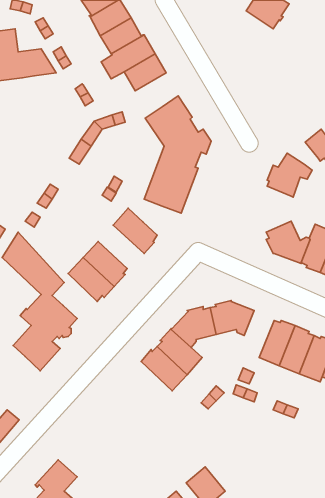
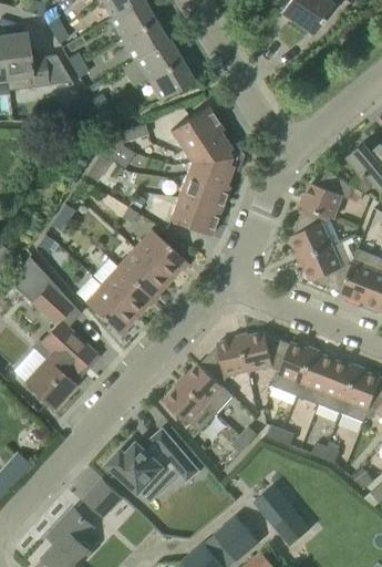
building: none -> [292,206,332,257]
building: none -> [118,249,169,297]
building: none -> [275,342,313,395]
building: none -> [107,426,202,494]
building: none -> [83,477,123,517]
building: none -> [256,486,311,545]

